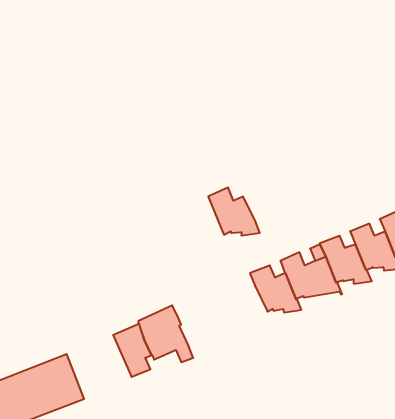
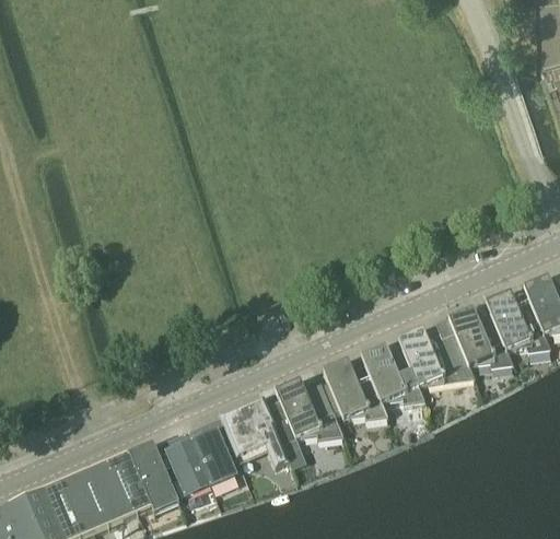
building: [208,188,260,236] -> [323,359,387,419]
building: none -> [269,378,343,443]
building: none -> [164,435,211,494]
building: none -> [130,444,177,511]

